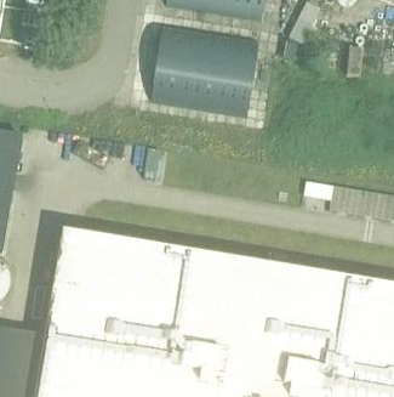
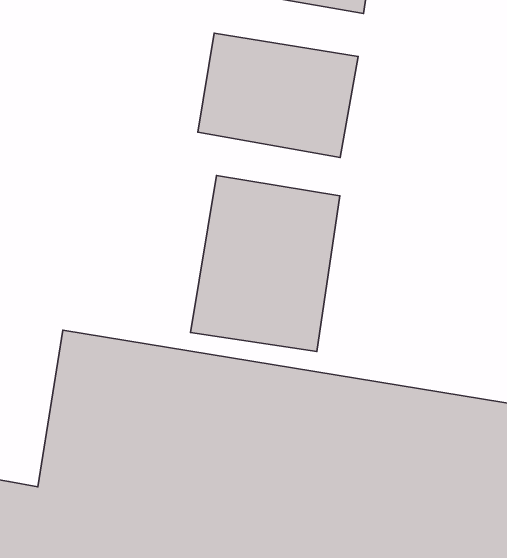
building: none -> [191,176,340,352]

